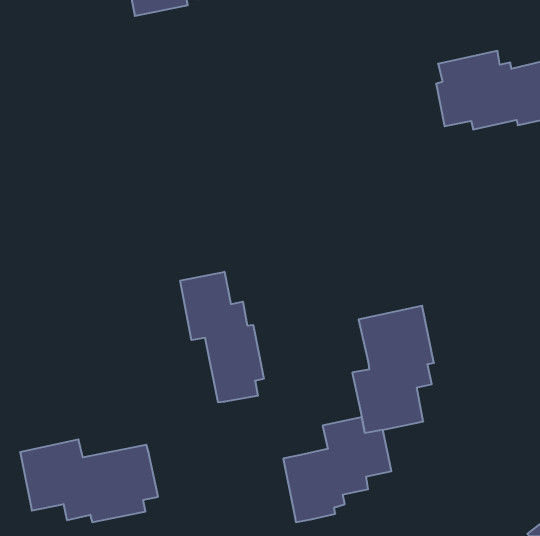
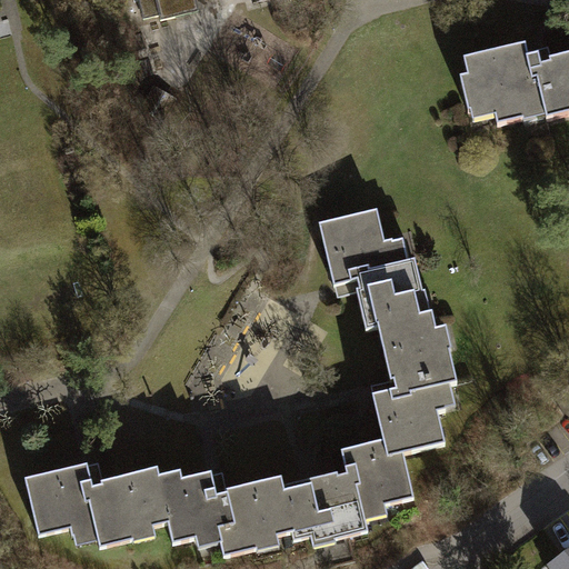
building: none -> [318,201,435,335]
building: [180,272,264,402] -> none
building: none -> [158,469,310,557]

